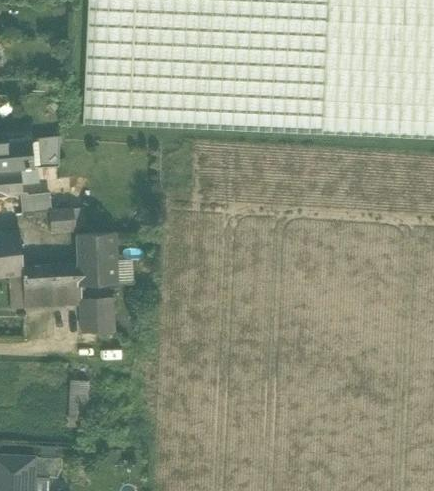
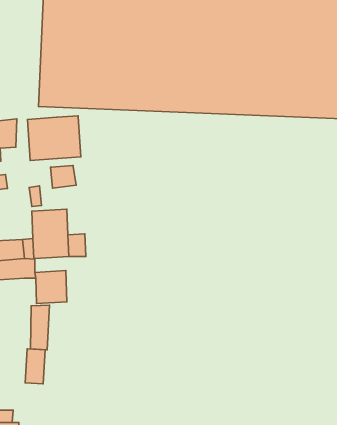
building: none -> [28,116,81,161]
building: [48,208,75,232] -> [51,165,76,188]
building: none -> [30,305,50,350]

